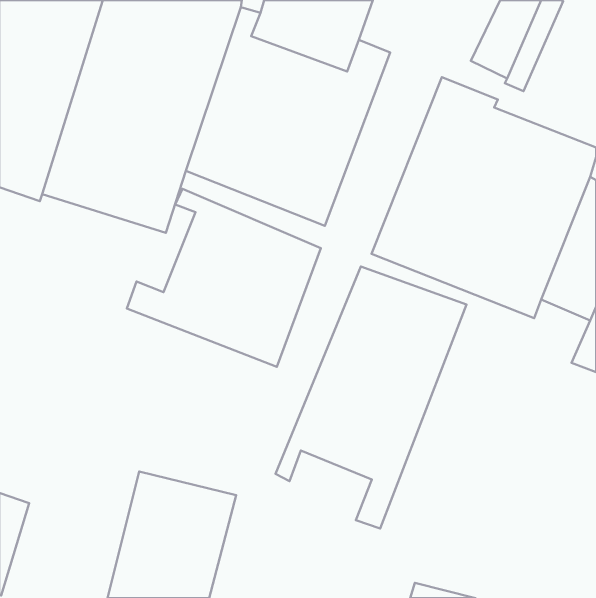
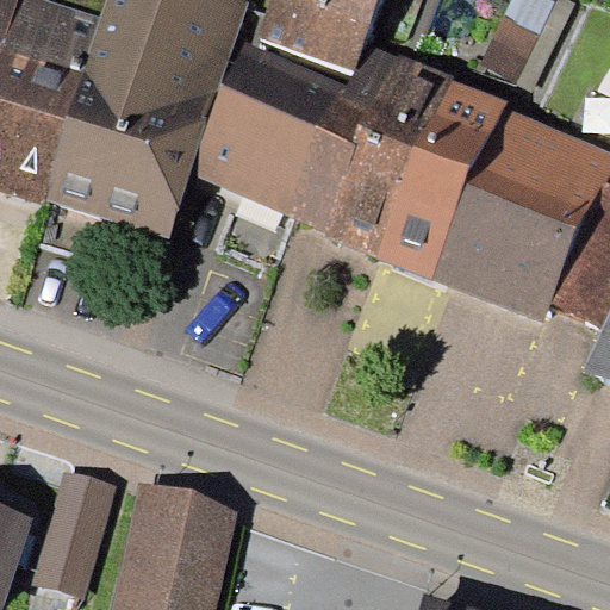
building: none -> [328,54,450,259]
building: [127,189,321,367] -> none
building: [276,267,467,528] -> none
building: none -> [33,469,117,596]

